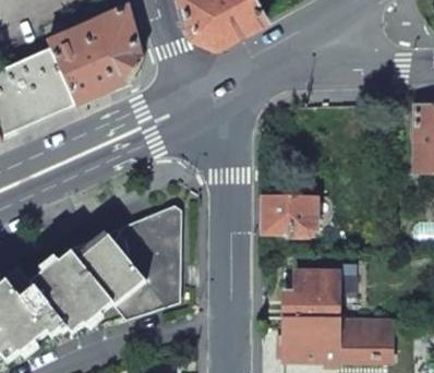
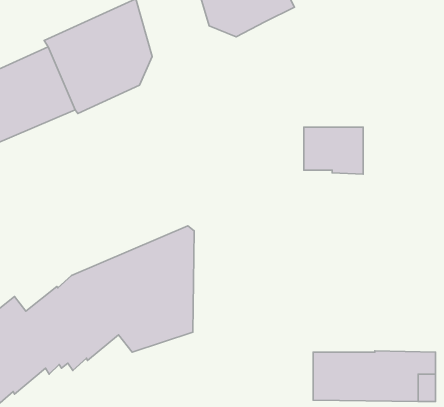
building: [263,195,315,237] -> [304,127,363,174]
building: [284,272,339,317] -> none

